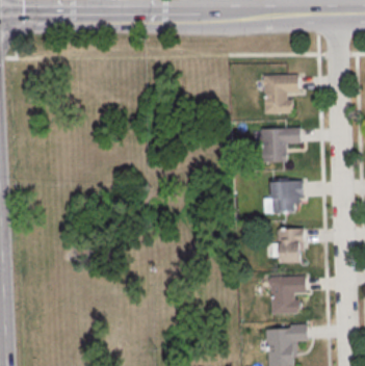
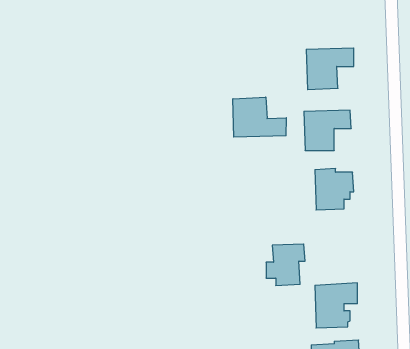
building: none -> [233,97,286,137]
building: [271,228,305,263] -> [266,244,305,285]

